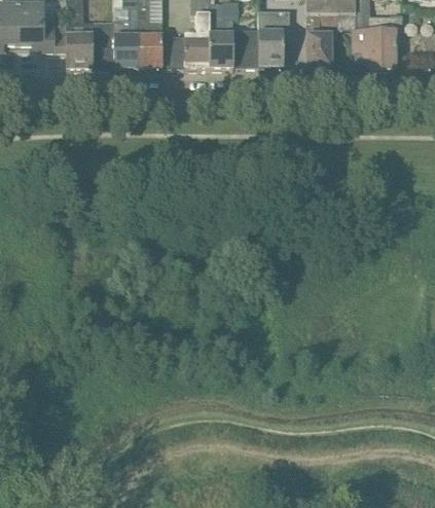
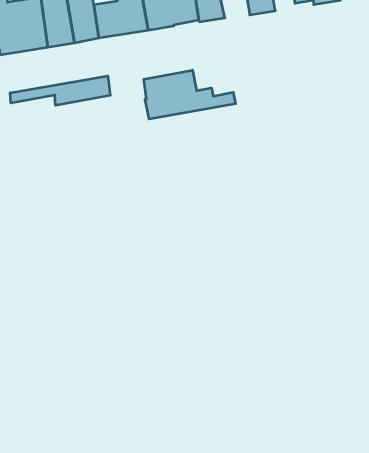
building: none -> [10,76,110,105]
building: none -> [144,70,236,119]

